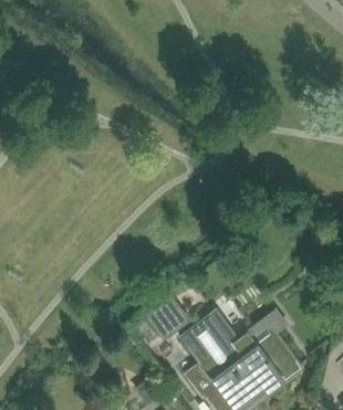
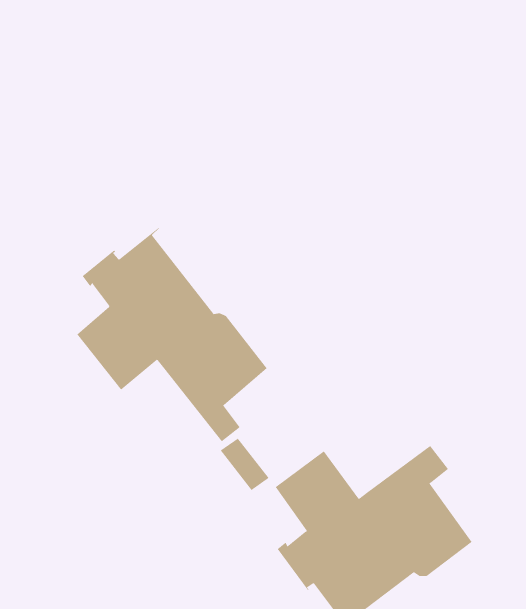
building: none -> [76,227,268,442]

